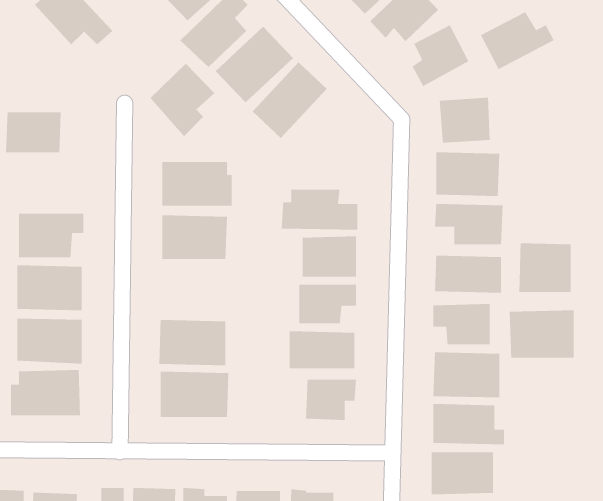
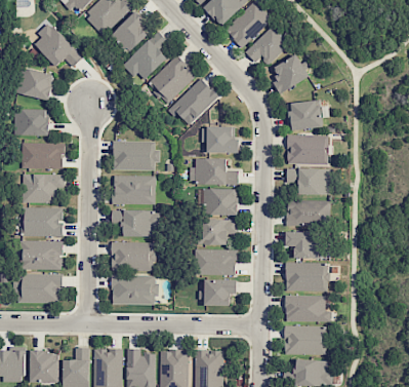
building: [480,11,555,70] -> none
building: none -> [14,66,53,101]
building: [150,63,215,137] -> none
building: none -> [204,126,239,152]
building: none -> [22,142,64,168]
building: [519,243,571,293] -> none
building: none -> [112,209,161,236]
building: [509,310,575,358] -> none

